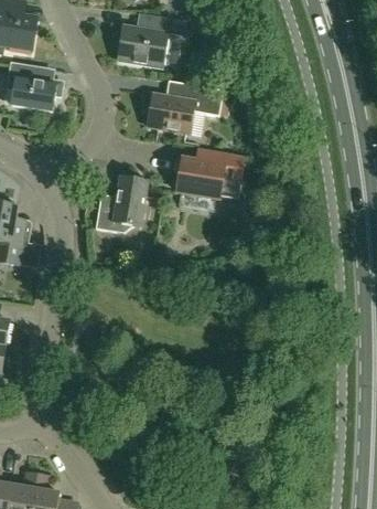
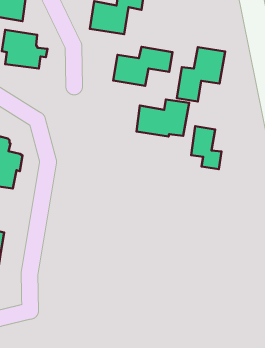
building: none -> [177,47,225,102]
building: [96,177,148,232] -> none
building: none -> [191,126,221,169]

